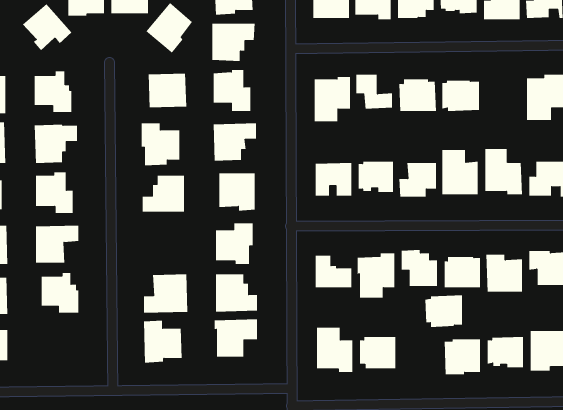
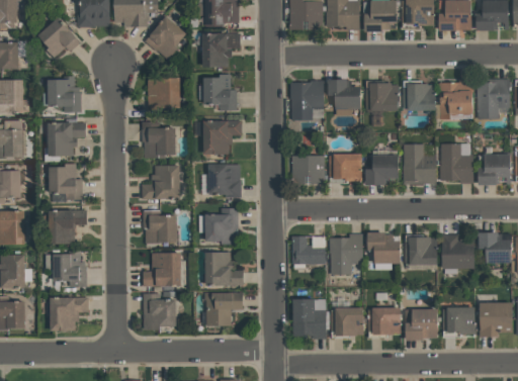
building: none -> [440,78,472,119]
building: none -> [143,210,177,243]
building: [424,295,463,327] -> [367,306,401,335]
building: none -> [50,296,88,330]

